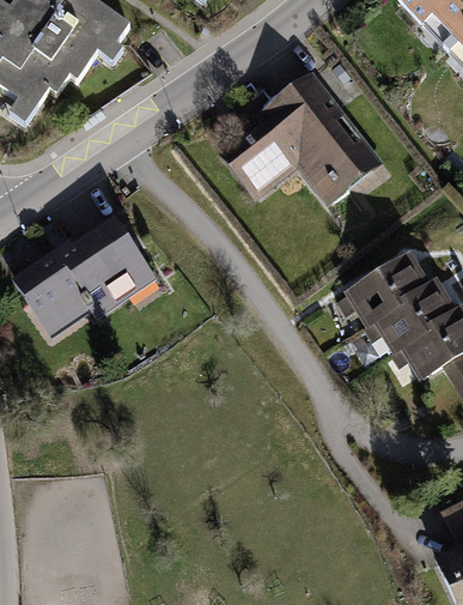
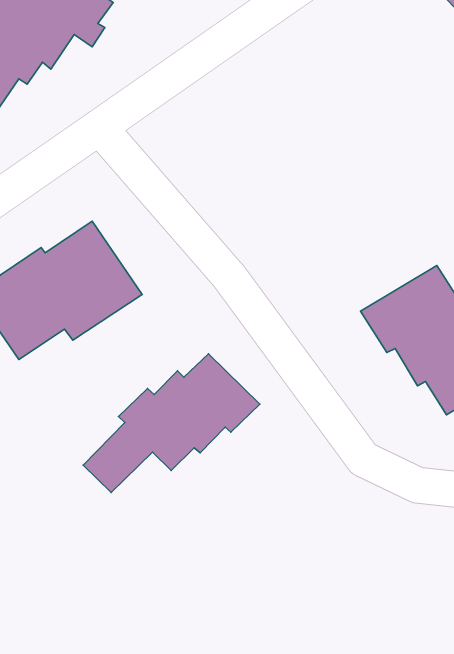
building: [220,68,384,205] -> none
building: none -> [83,354,260,492]

